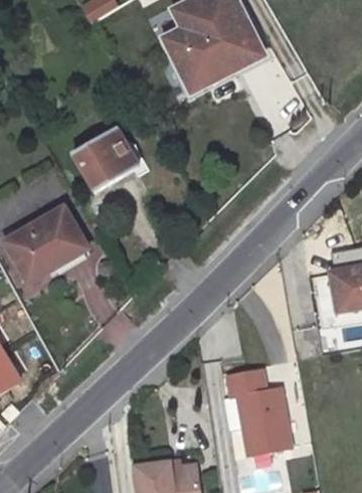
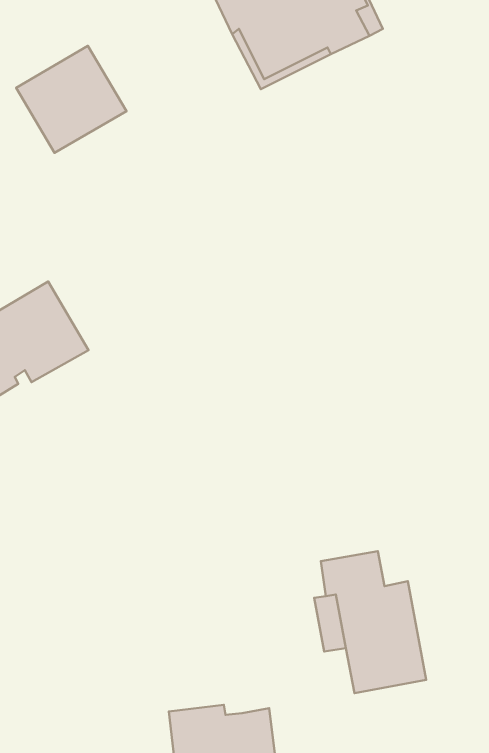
building: [72,127,139,191] -> [16,46,126,153]

